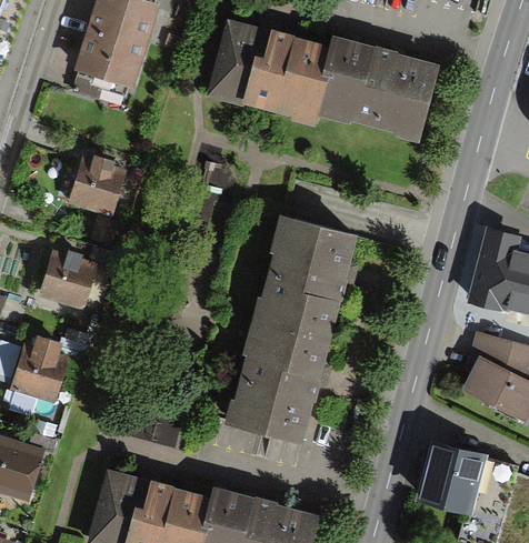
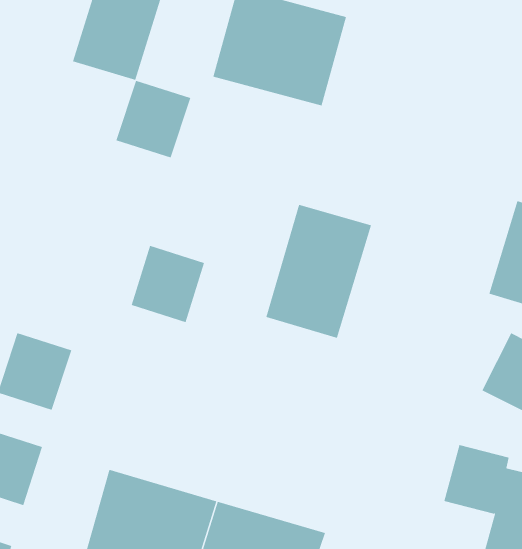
building: [310,37,433,149] -> none
building: [57,149,128,222] -> [116,80,191,158]
building: [31,245,101,319] -> [131,245,205,323]
building: [224,320,325,448] -> none

